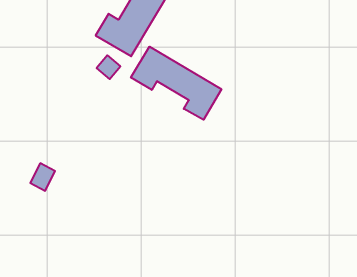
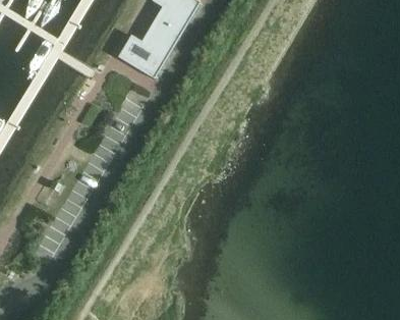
building: [131,47,221,120] -> none

